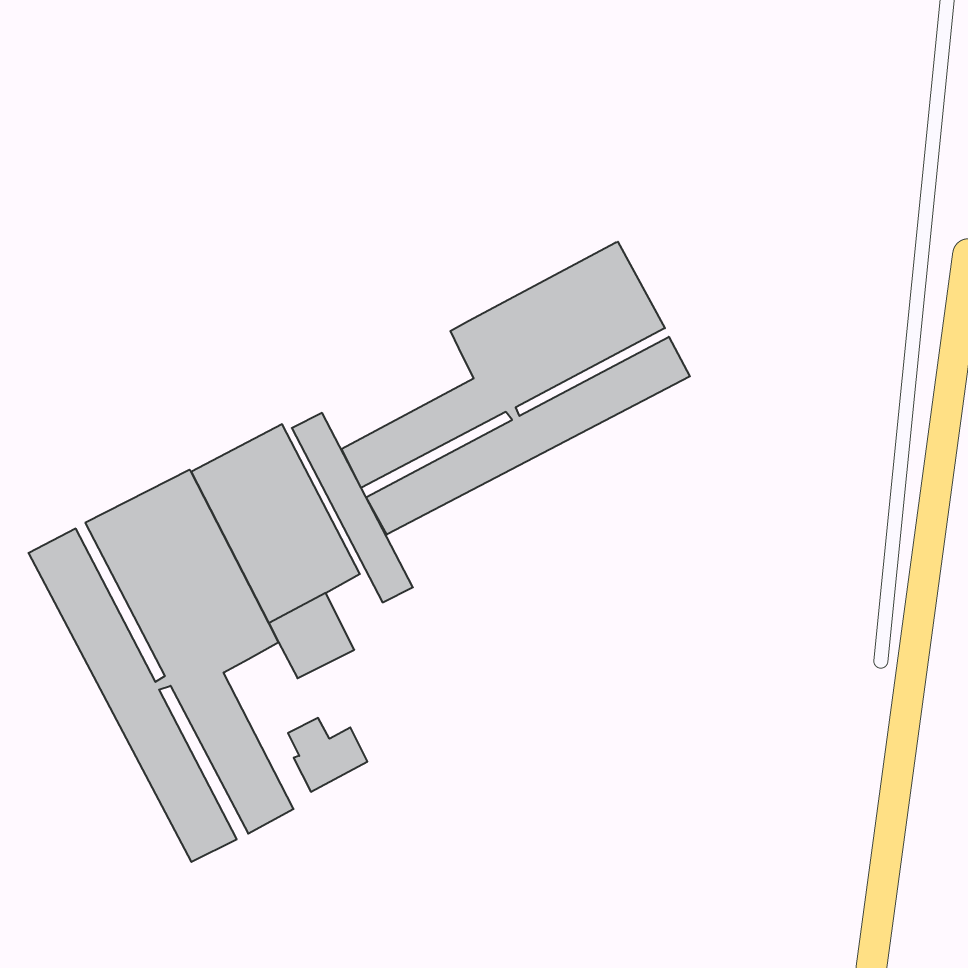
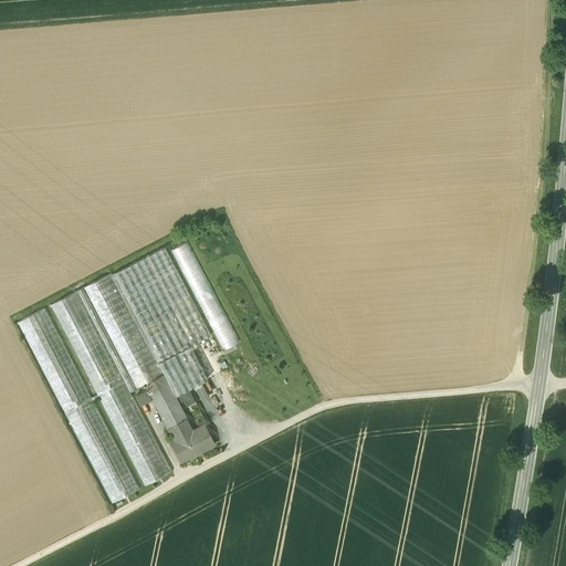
building: [341,242,690,535] -> none
building: none -> [145,375,186,428]

